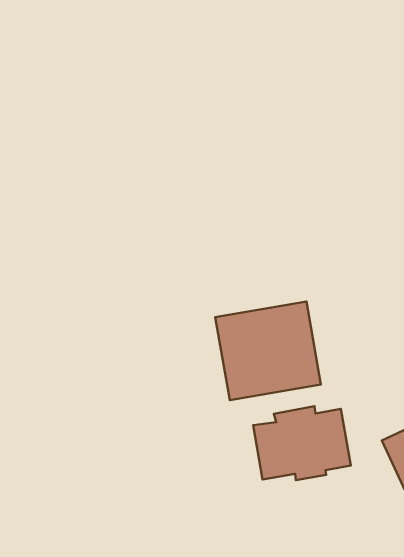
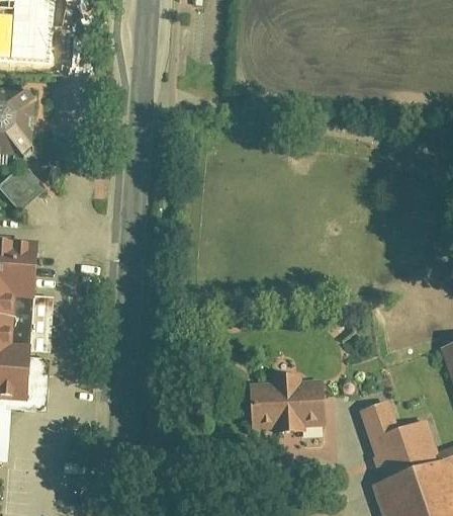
building: [215,301,321,400] -> none

